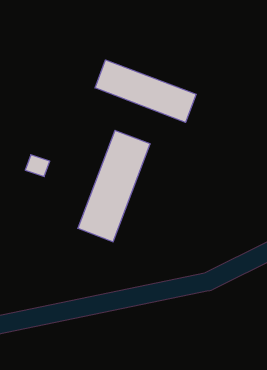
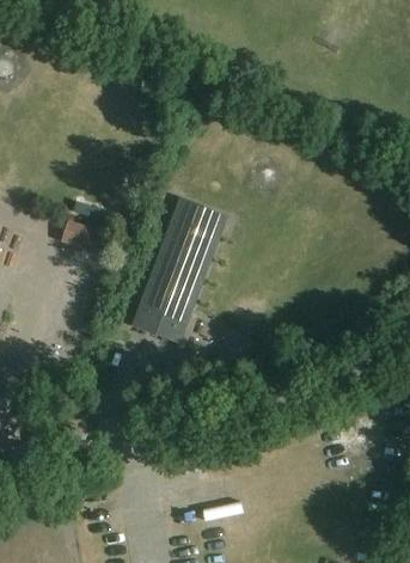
building: [95,60,196,122] -> none

